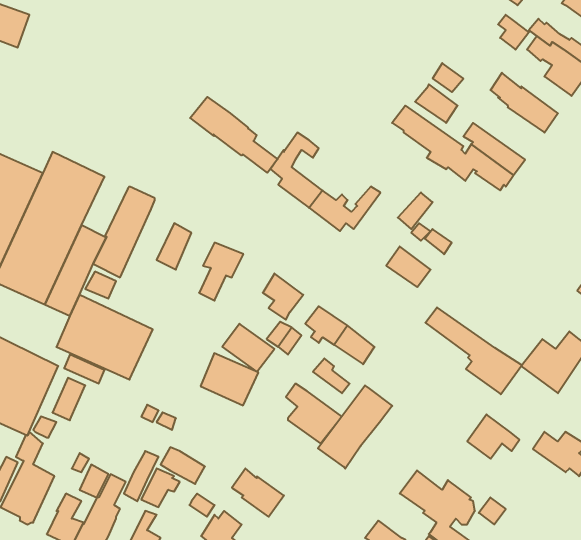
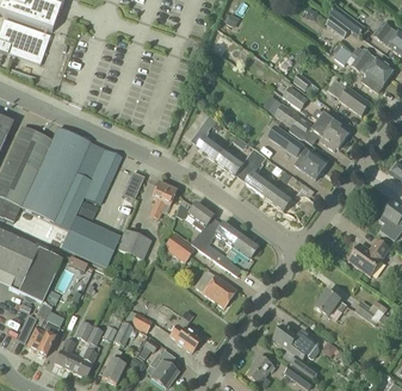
building: [190,97,278,173] -> none
building: none -> [243,151,272,197]
building: [425,307,522,394] -> [268,125,328,179]
building: [201,353,258,405] -> [116,228,151,260]
building: [318,385,392,469] -> none

